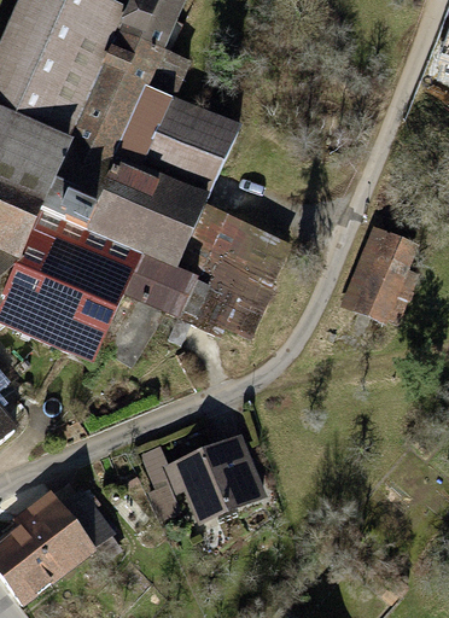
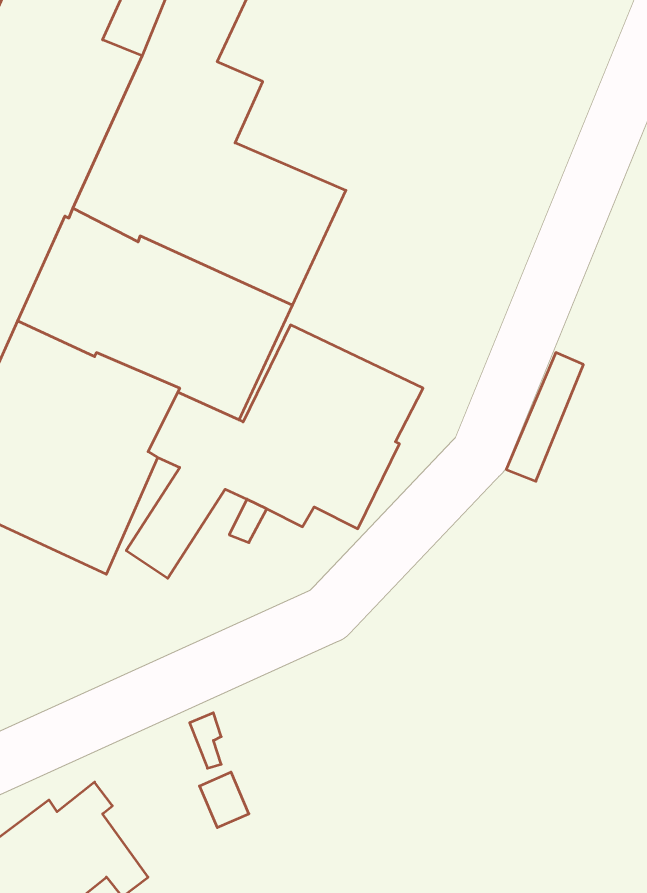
building: [354,233,415,320] -> none
building: [181,439,262,514] -> none

